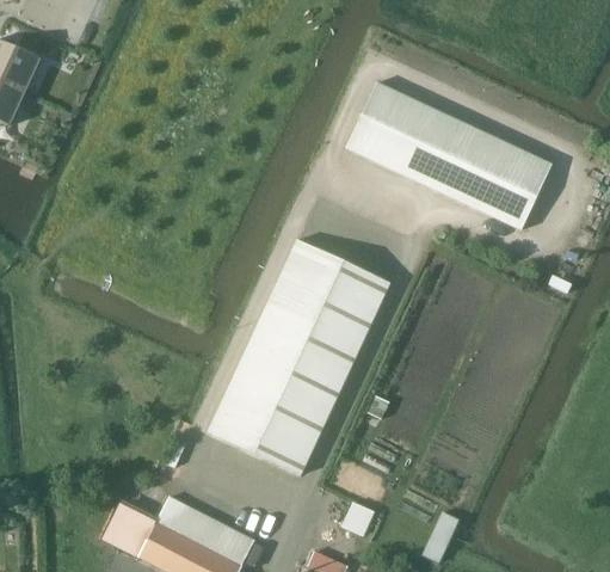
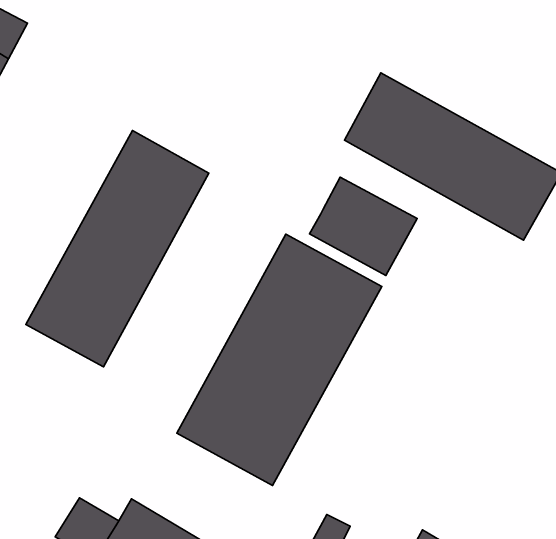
building: none -> [26,130,209,367]
building: none -> [310,177,417,276]

